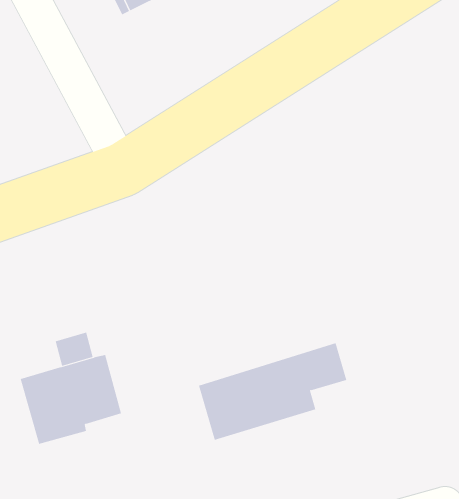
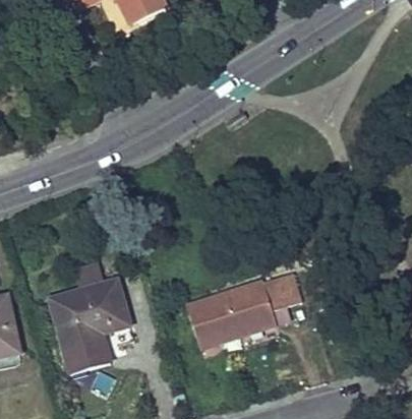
building: none -> [66,340,108,370]

